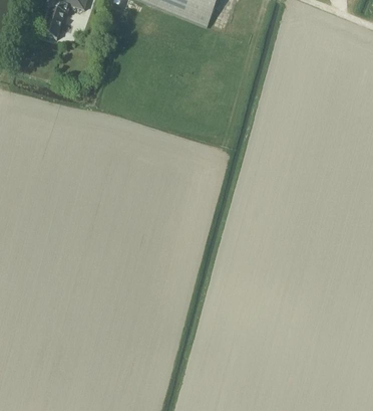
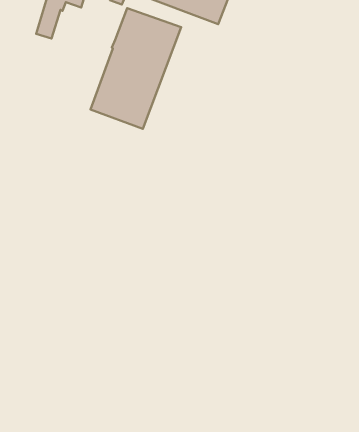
building: none -> [91,8,181,129]

